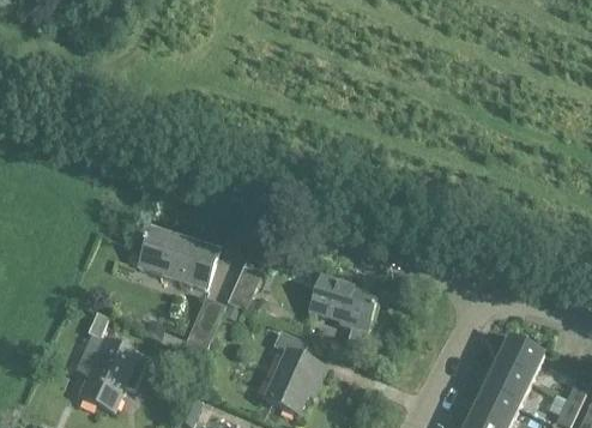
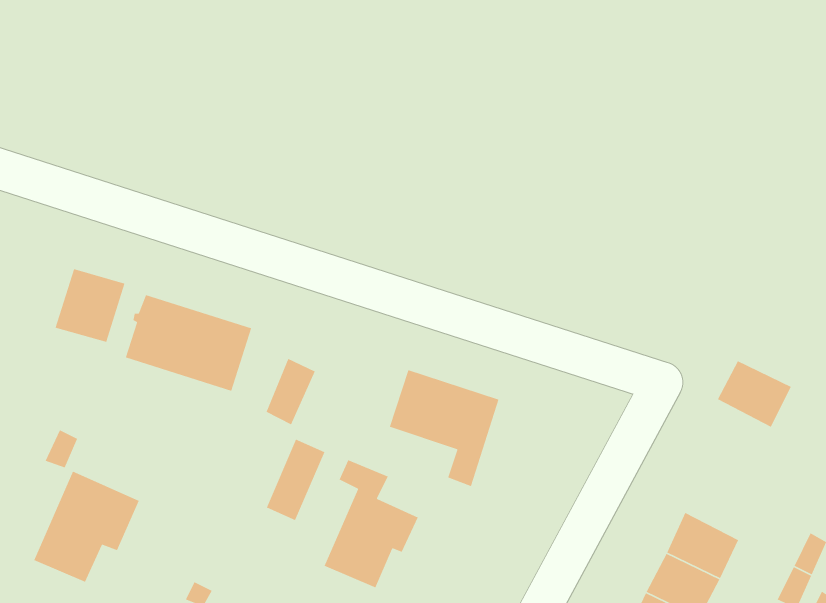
building: none -> [55,268,126,343]
building: [185,296,223,349] -> [266,439,326,521]
building: [495,339,543,382] -> [717,360,792,428]

